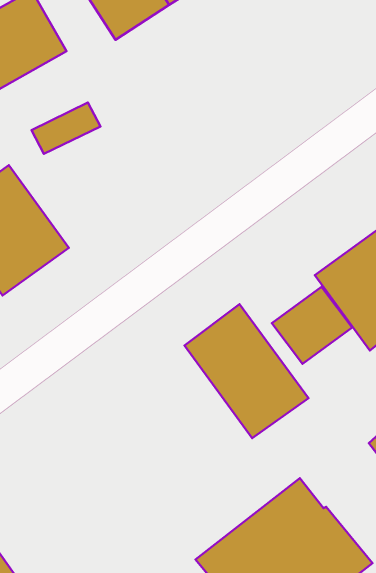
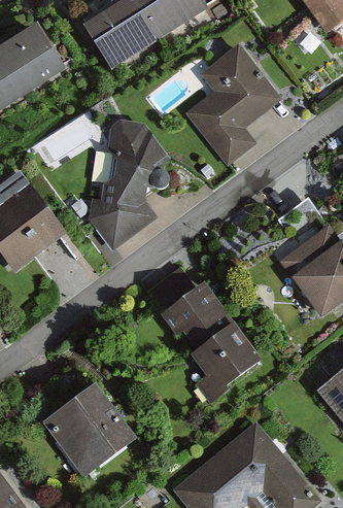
building: none -> [187,50,269,161]
building: none -> [82,125,161,248]
building: [272,287,352,364] -> none
building: none -> [44,383,139,478]

